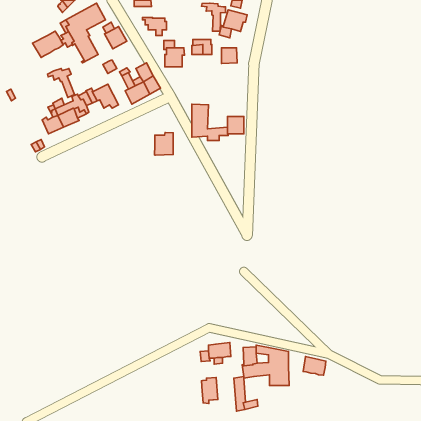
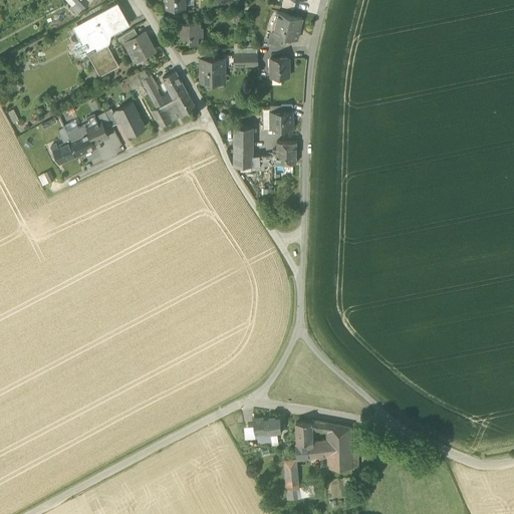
building: [201,3,226,31] -> none
building: [33,31,63,58] -> none
building: [47,68,74,97] -> none
building: none -> [271,112,293,131]
building: [154,133,173,155] -> none
building: [303,357,326,375] -> none
building: [201,377,218,403] -> none

